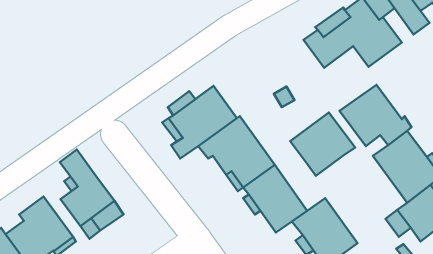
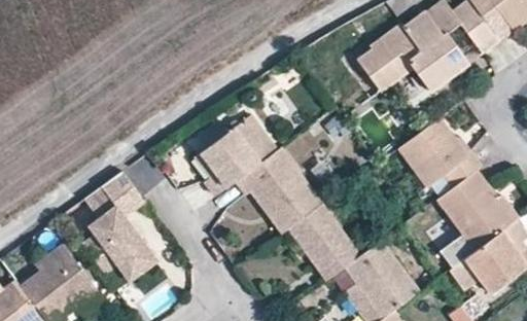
building: [290,113,355,176] -> none
building: none -> [99,173,142,218]

